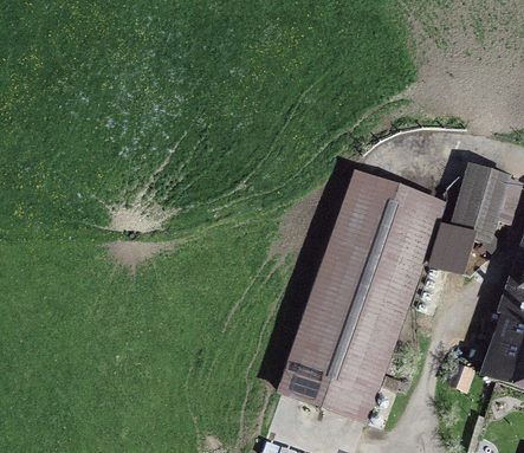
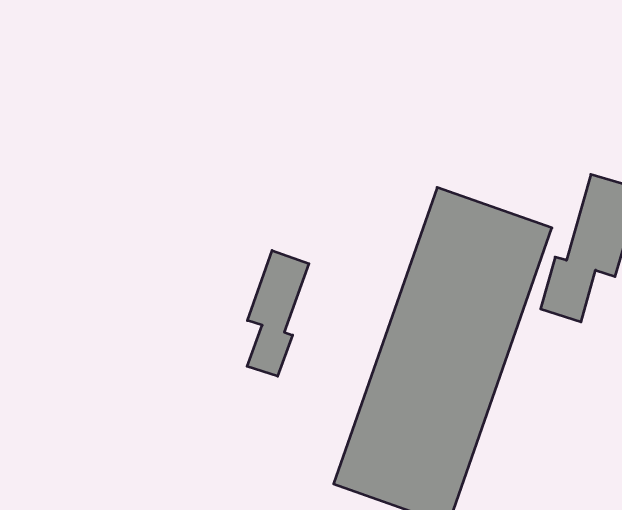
building: none -> [247,250,309,376]

